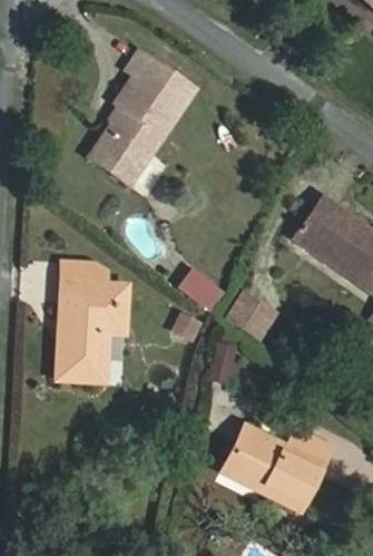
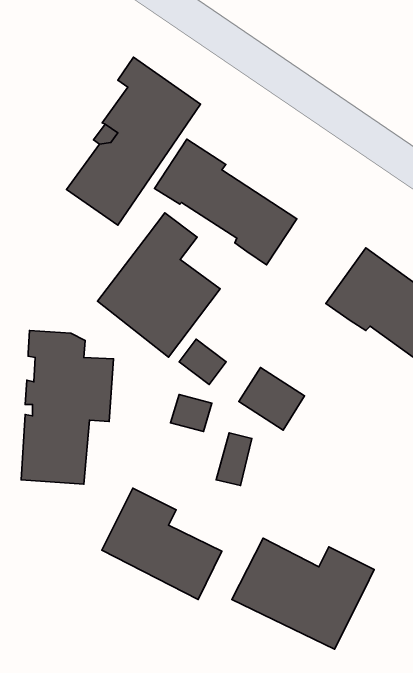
building: none -> [154,139,297,265]
building: none -> [98,213,220,357]
building: none -> [102,488,222,600]

